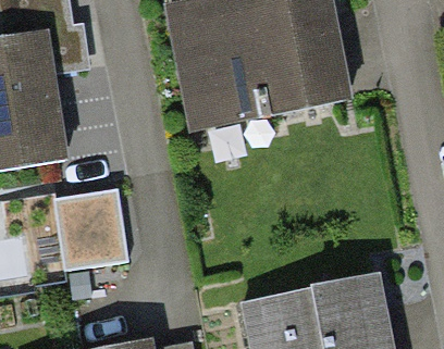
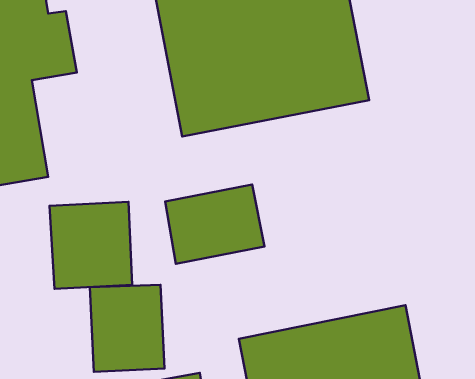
building: none -> [165,185,264,264]
building: none -> [90,285,164,372]

